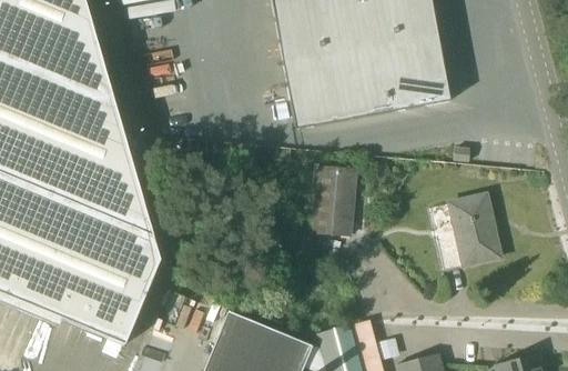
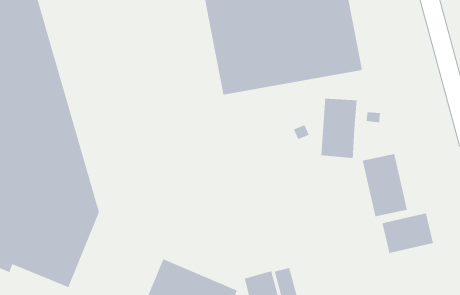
building: [317,168,358,235] -> [321,98,358,159]
building: none -> [381,213,434,254]

